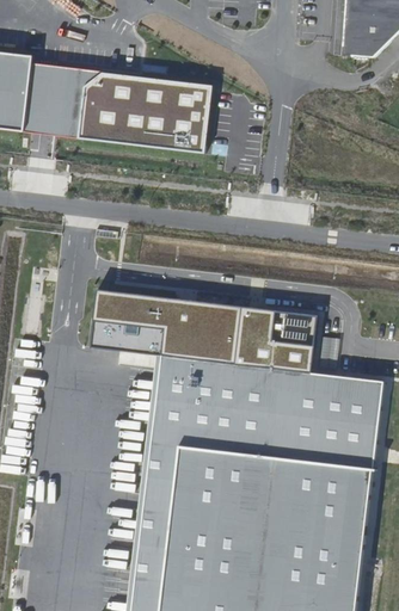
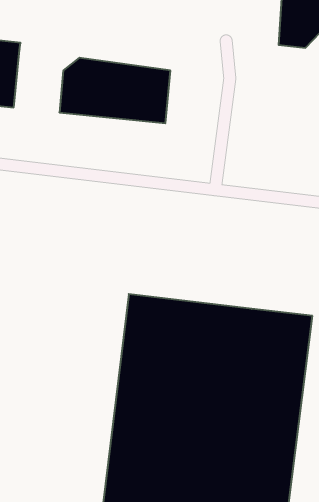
building: [22,61,100,136] -> none
building: [90,289,315,372] -> none

